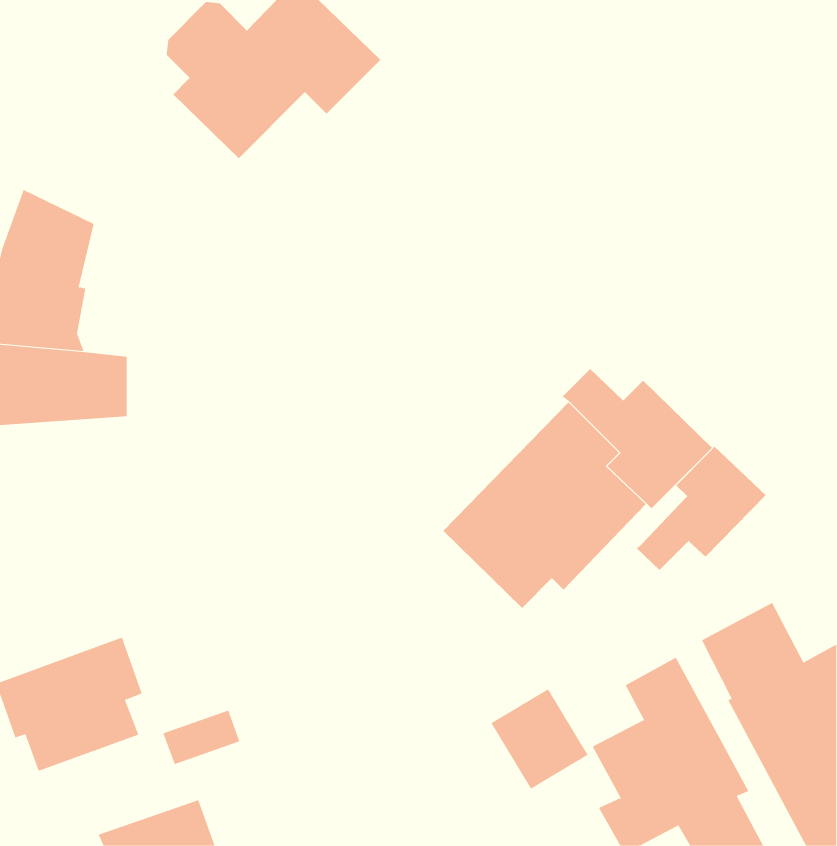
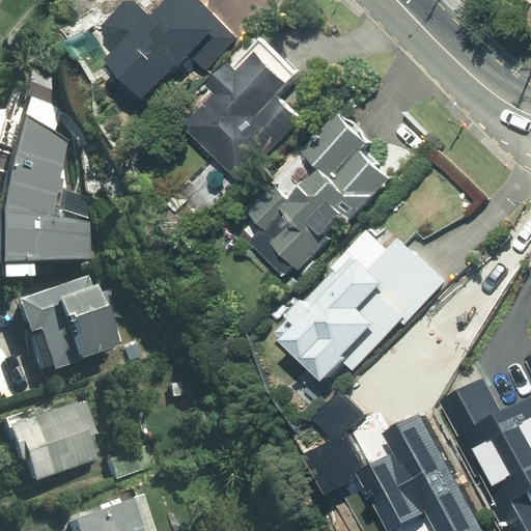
building: none -> [184,39,305,183]
building: none -> [239,113,391,275]
building: none -> [5,276,107,372]
building: [636,446,766,571] -> none

